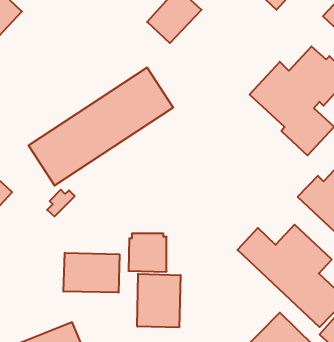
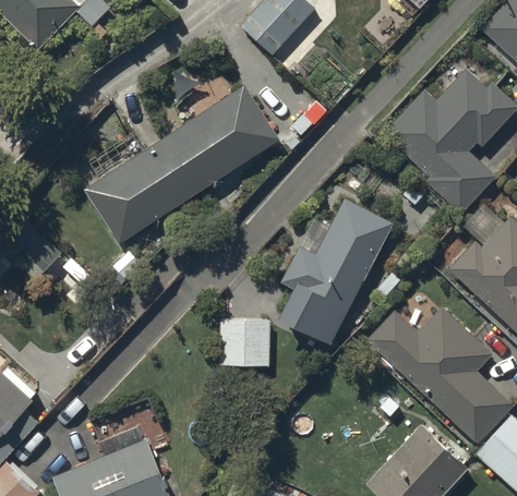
building: none -> [273,197,390,339]
building: [64,253,119,293] -> none
building: [137,274,181,327] -> none

